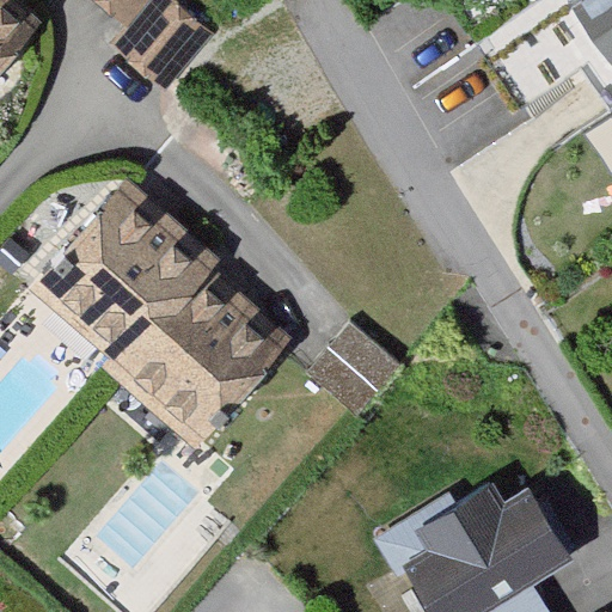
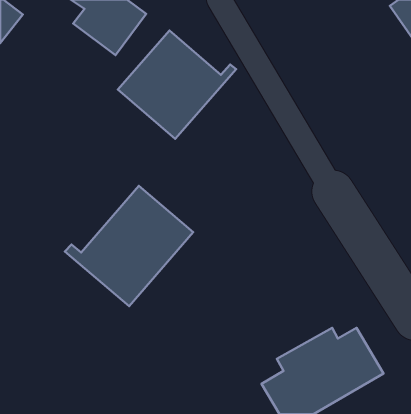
building: none -> [118,30,236,139]
building: [32,182,220,372] -> none

